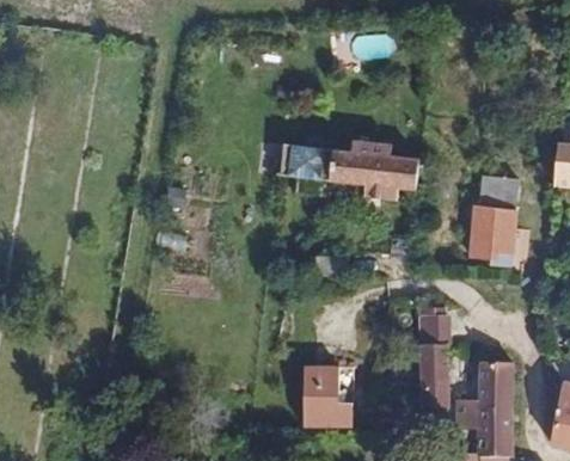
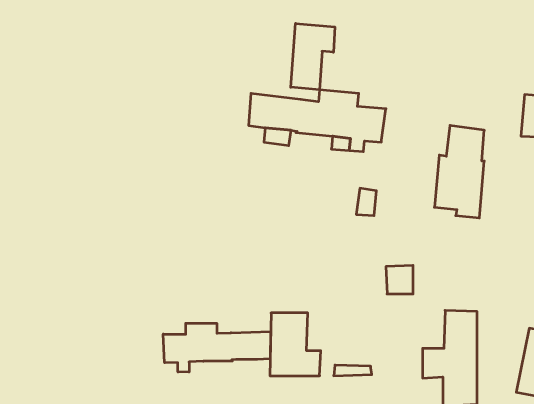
building: none -> [291,23,335,90]
building: [421,344,448,408] -> none
building: none -> [163,323,271,372]

